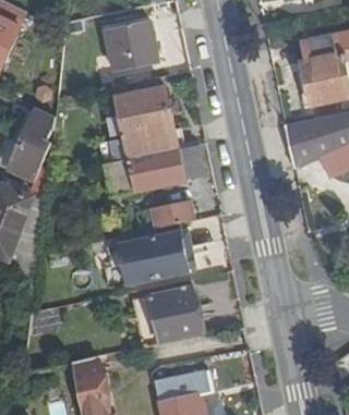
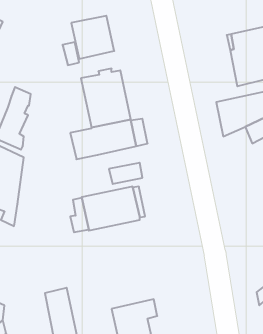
building: [133,286,202,346] -> none

